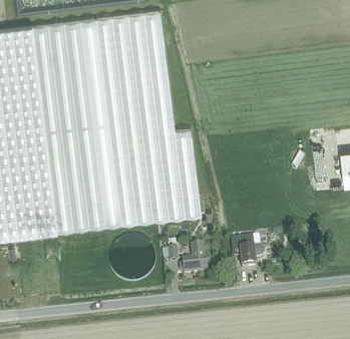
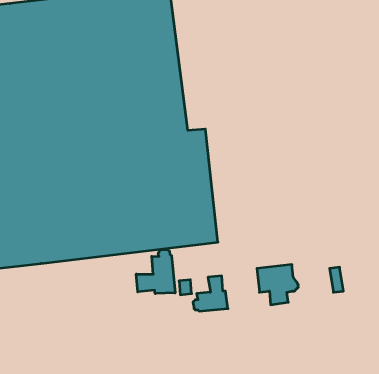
building: none -> [136,249,175,294]

